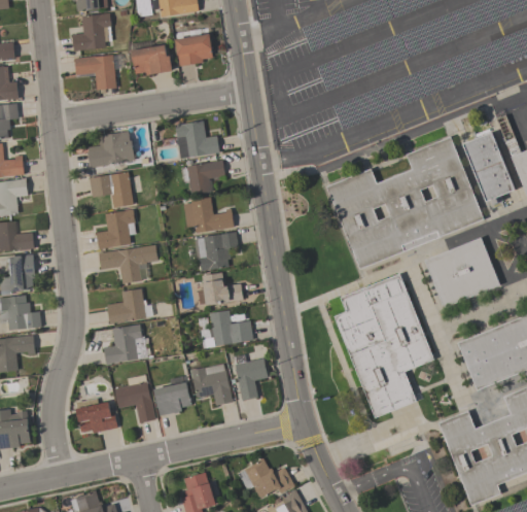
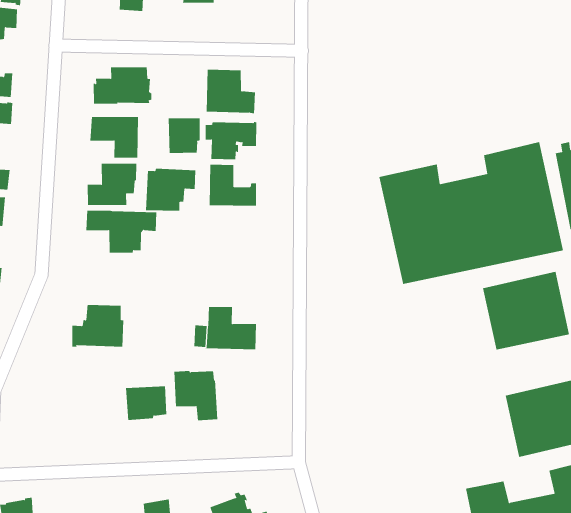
building: none -> [168,117,200,154]
building: [197,232,238,271] -> [145,168,196,211]
building: [202,273,243,305] -> none
building: [335,273,434,418] -> none
building: [106,288,146,323] -> none
building: [235,359,268,401] -> none
building: [114,374,155,423] -> none
building: [76,399,117,433] -> none

